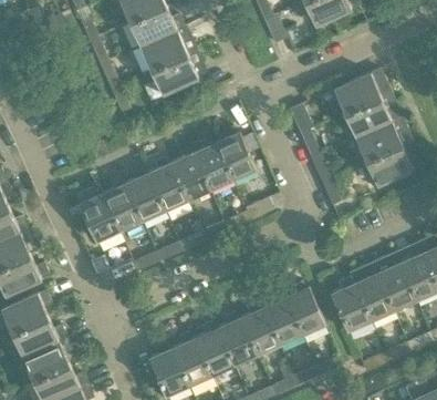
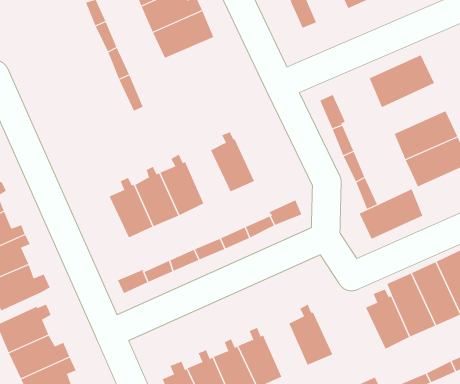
building: [142,53,205,96] -> none
building: [344,94,402,140] -> [359,189,423,239]
building: [214,127,254,182] -> none
building: [169,148,209,202] -> none
building: [75,186,118,243] -> none
building: [283,283,324,337] -> none
building: [239,301,278,357] -> none

